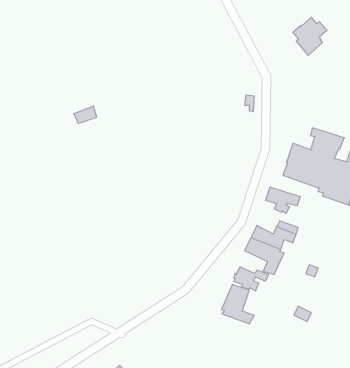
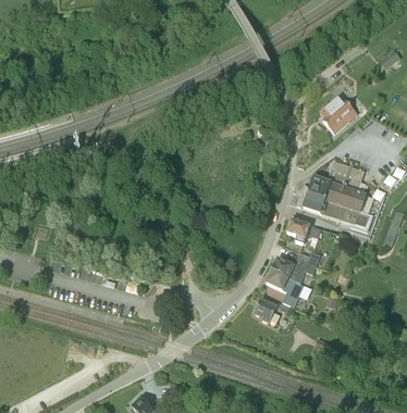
building: [293,17,327,55] -> [319,97,353,135]
building: [222,284,254,324] -> none

